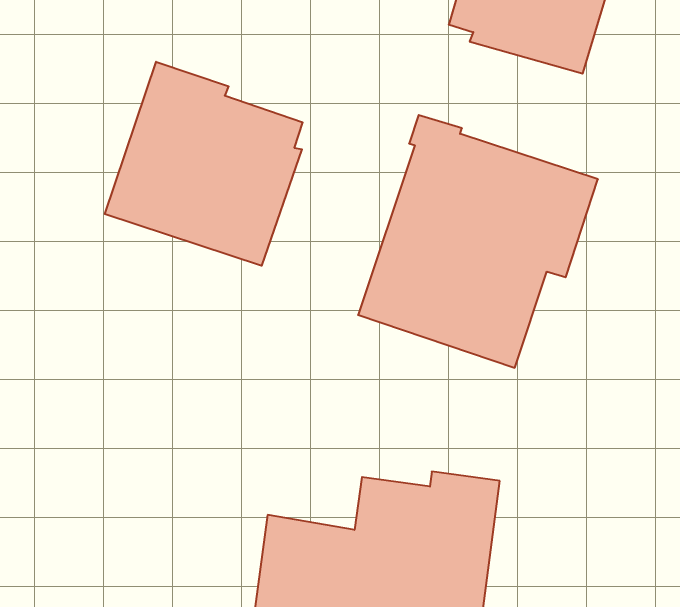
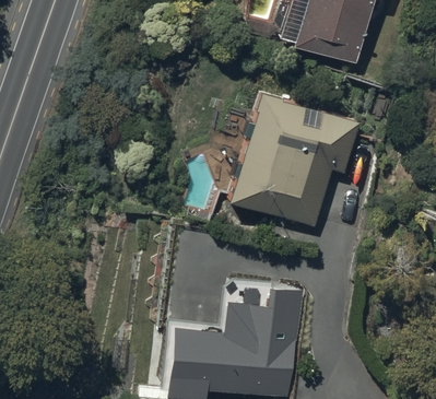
building: [105,62,303,266] -> none

